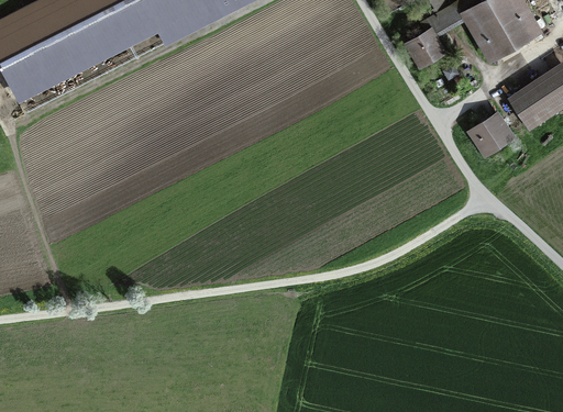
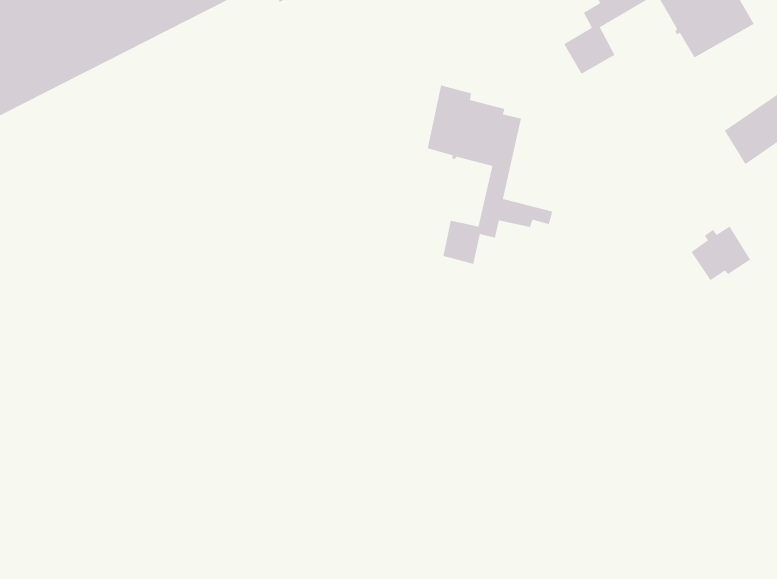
building: none -> [427,84,553,265]
building: [471,119,511,156] -> [691,226,751,281]

